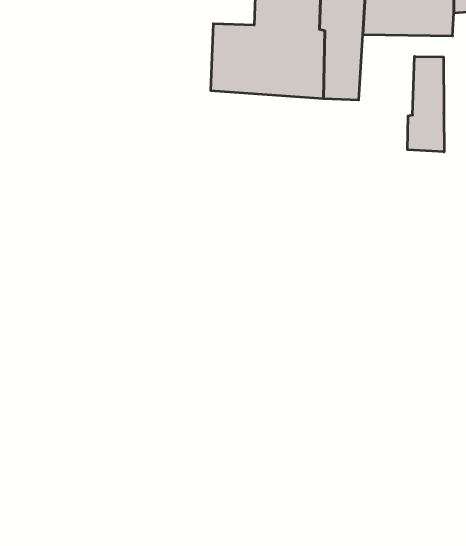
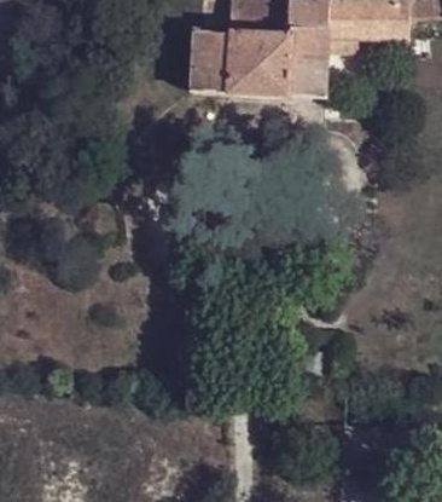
building: [408,56,444,152] -> none

